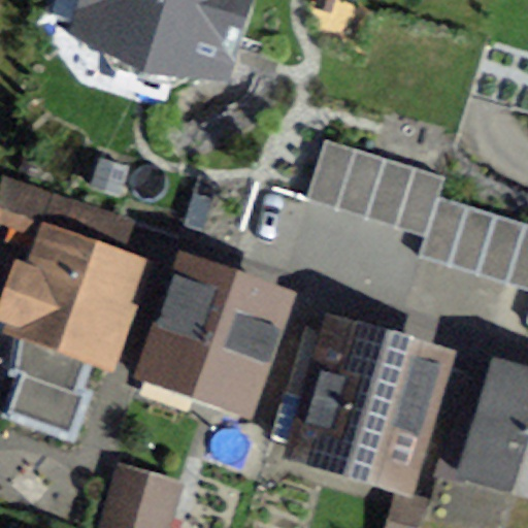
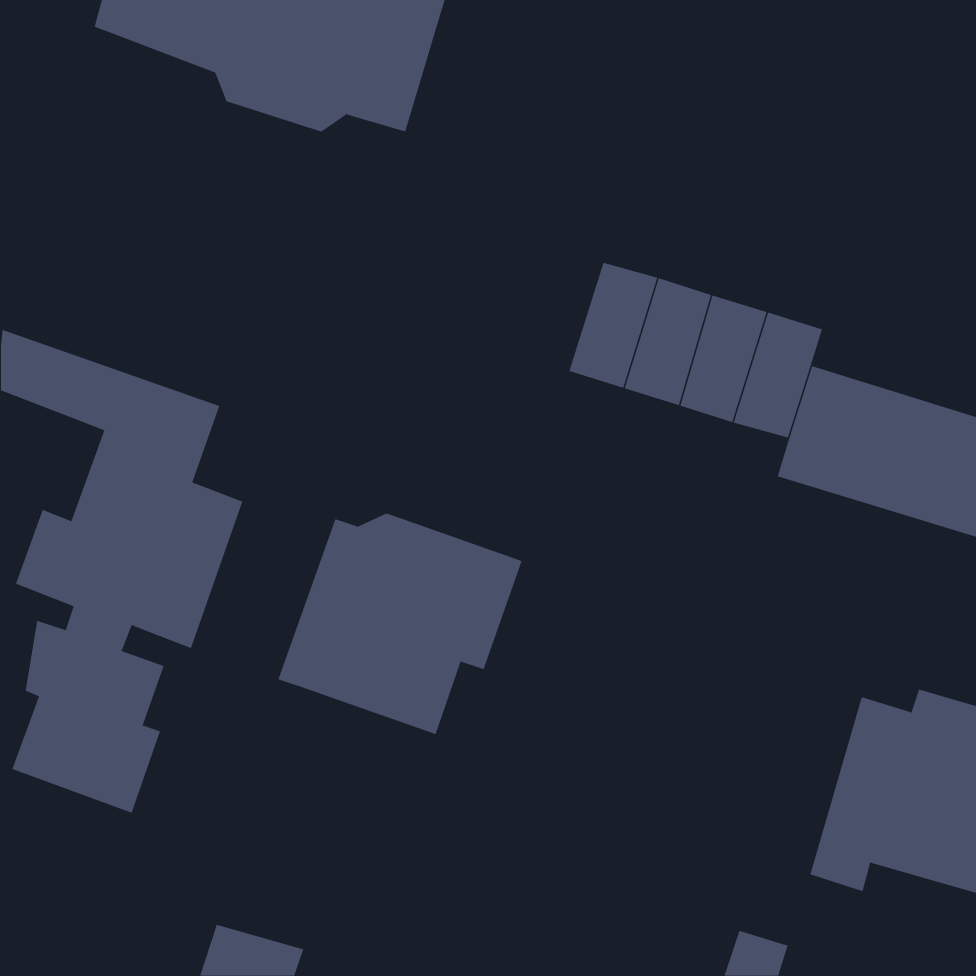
building: [274,329,455,476] -> none

